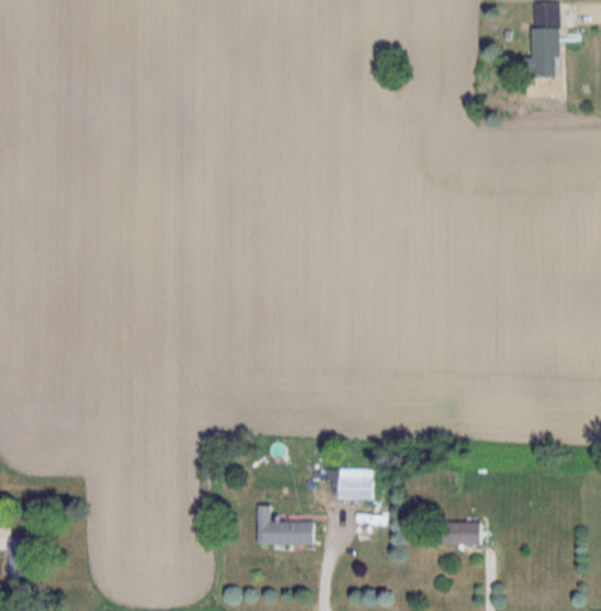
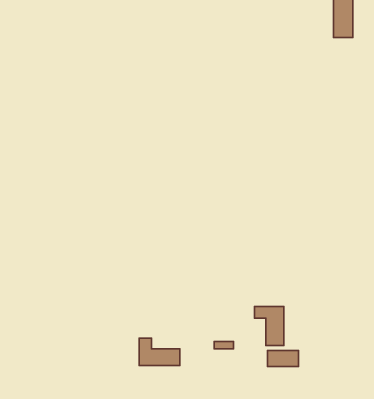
building: none -> [254,306,284,346]
building: [335,469,372,500] -> none

